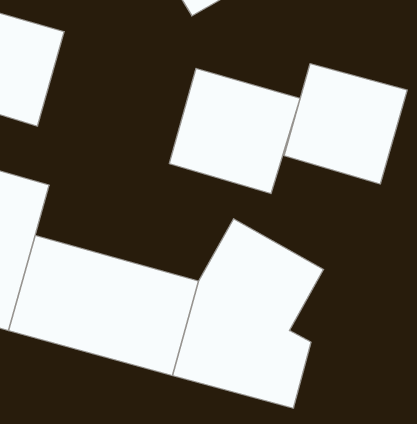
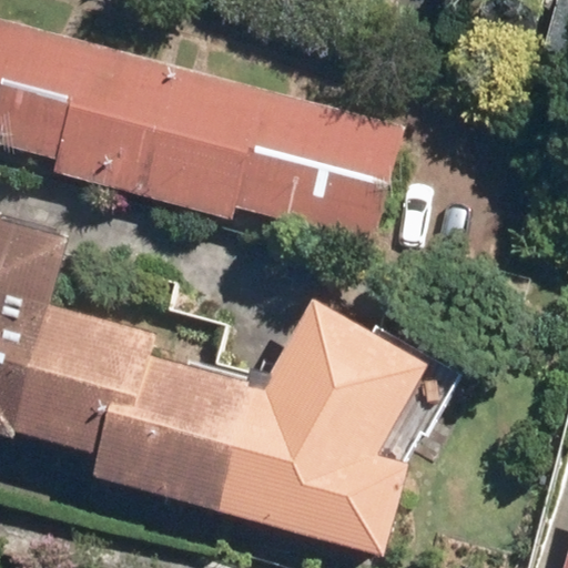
building: none -> [50,42,261,217]
building: [284,64,407,184] -> none

